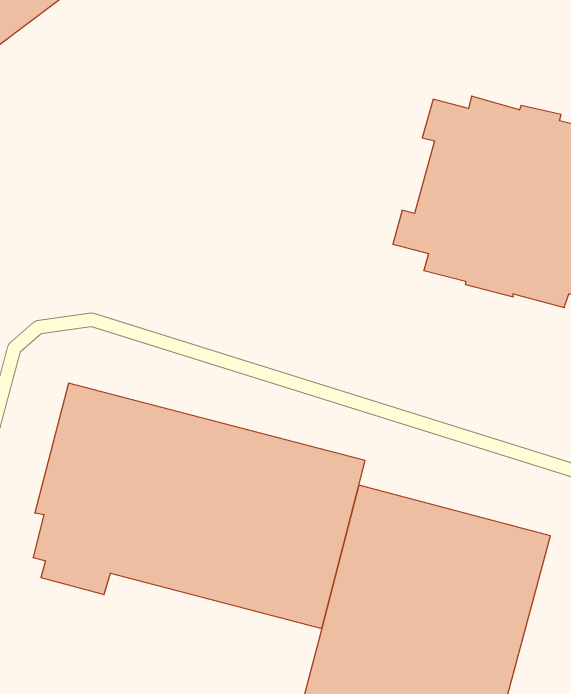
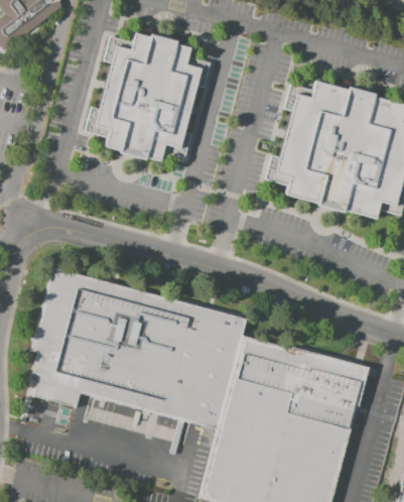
building: none -> [87,34,212,161]

